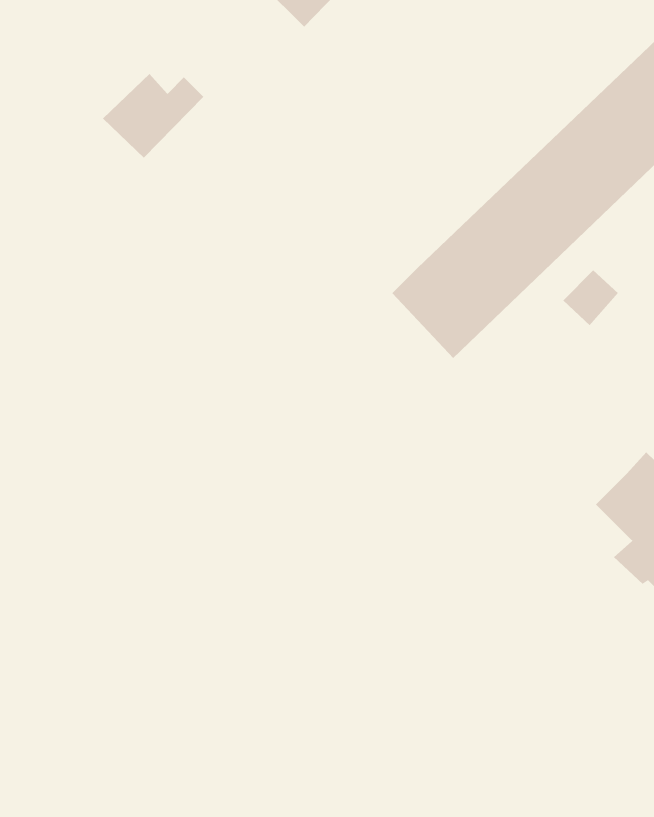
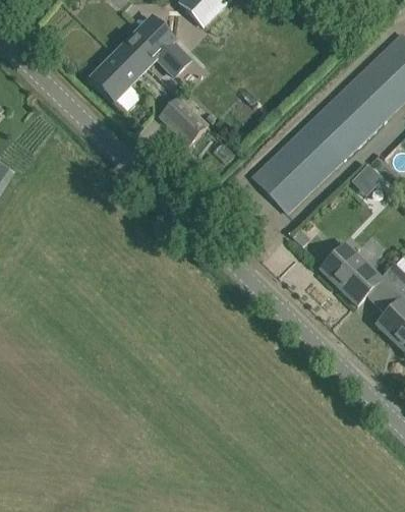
building: none -> [117,17,189,76]
building: none -> [159,99,206,145]
building: none -> [322,241,384,304]

